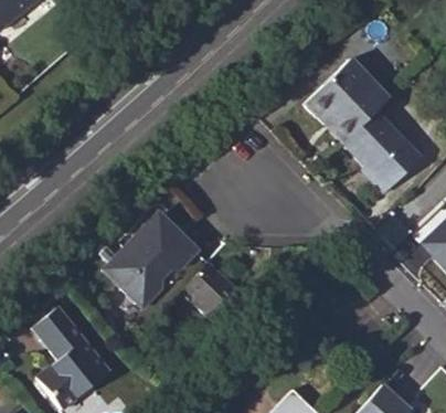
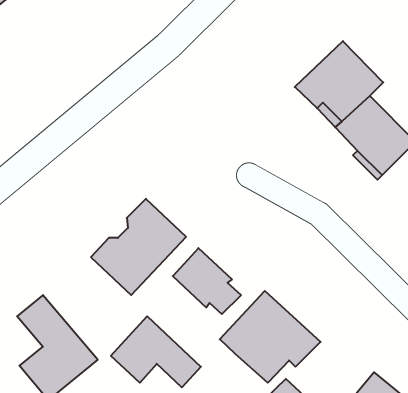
building: none -> [220,291,321,383]
building: none -> [111,316,201,387]

